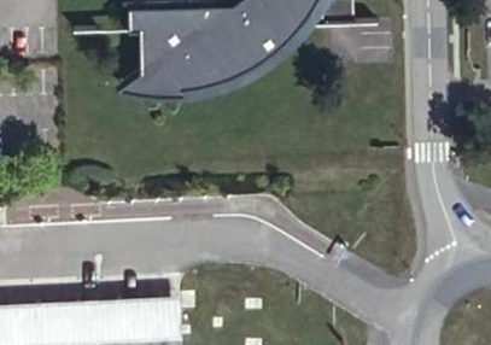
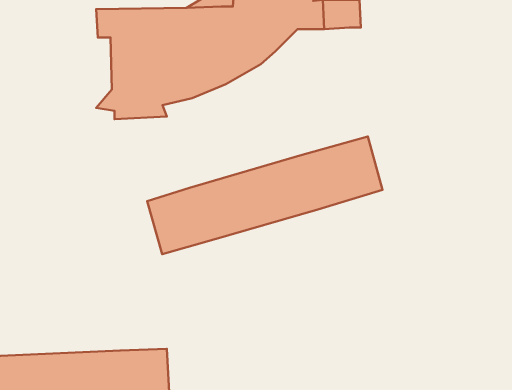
building: none -> [147,137,383,254]

